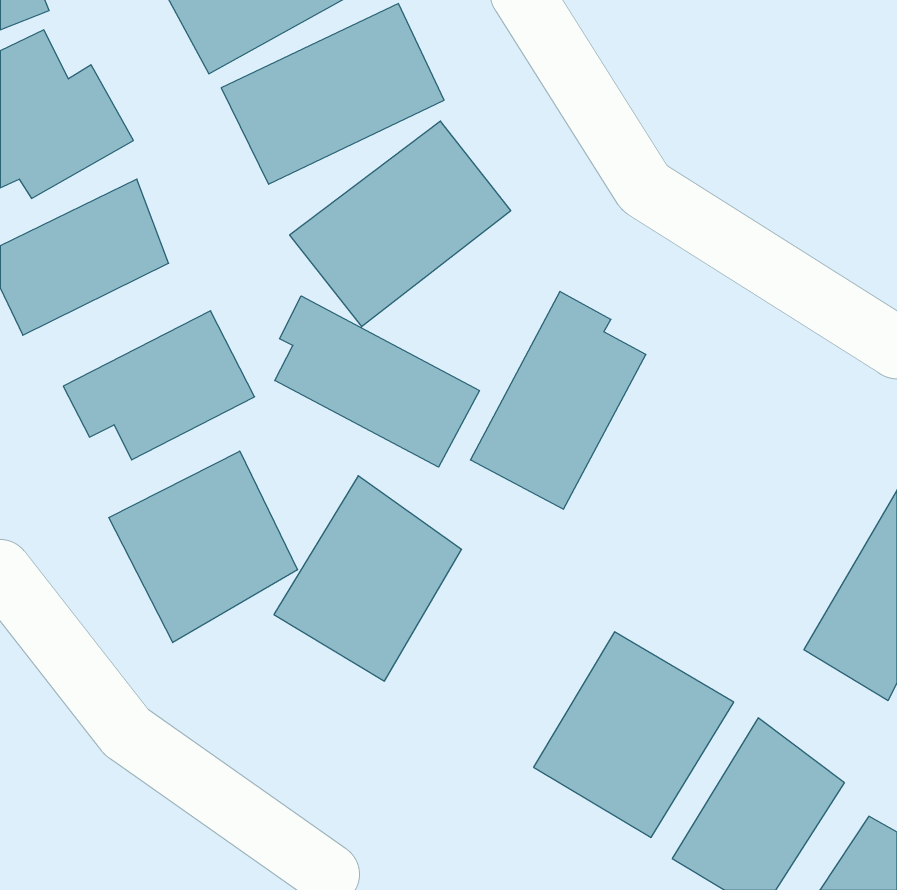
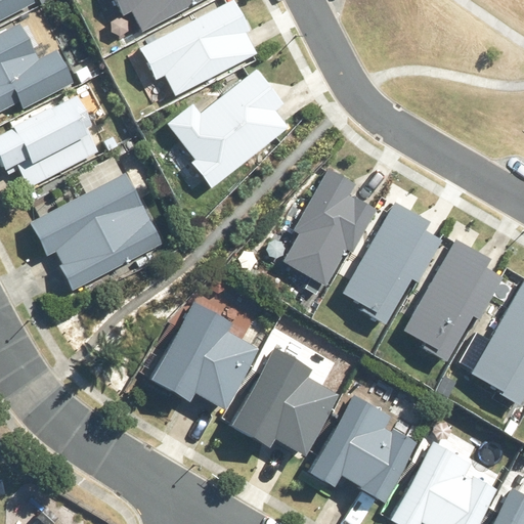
building: [275,296,479,467] -> none
building: none -> [337,207,442,332]
building: none -> [396,238,503,365]
building: [109,451,297,643] -> none
building: none -> [234,330,344,438]

